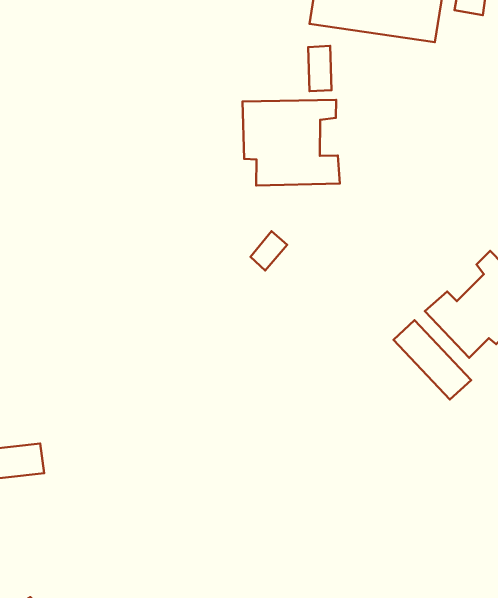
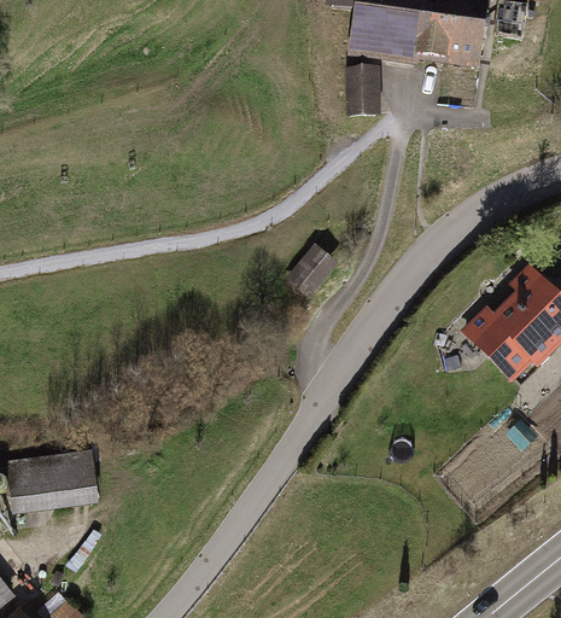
building: [243,100,340,186] -> none
building: [393,320,471,400] -> none

